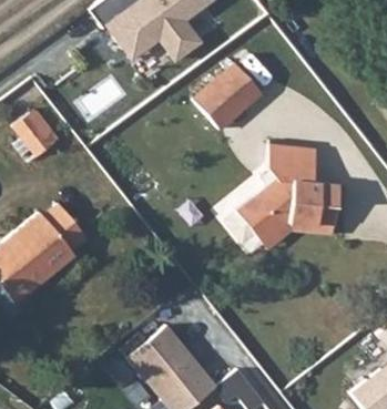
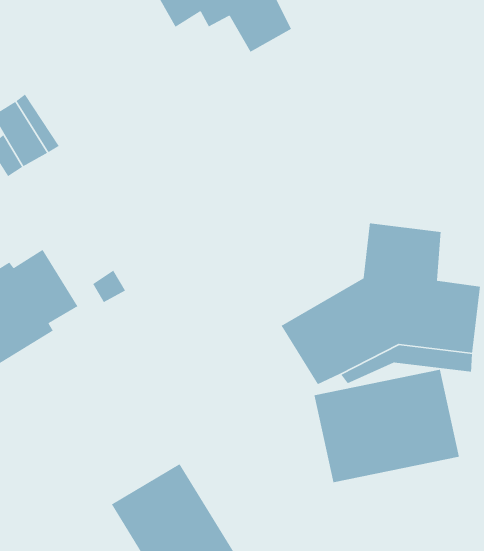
building: [200,65,265,130] -> none
building: none -> [313,369,460,483]

